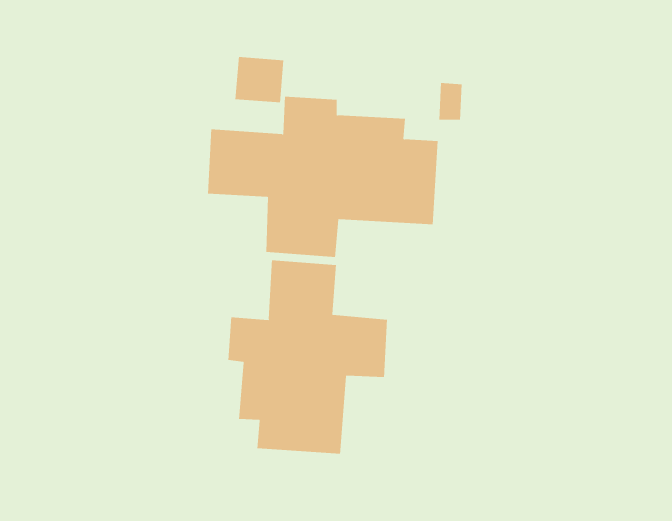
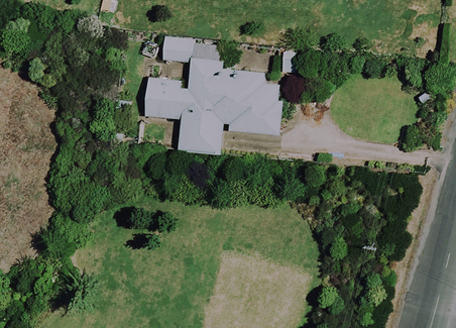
building: [228,260,388,454] -> none

